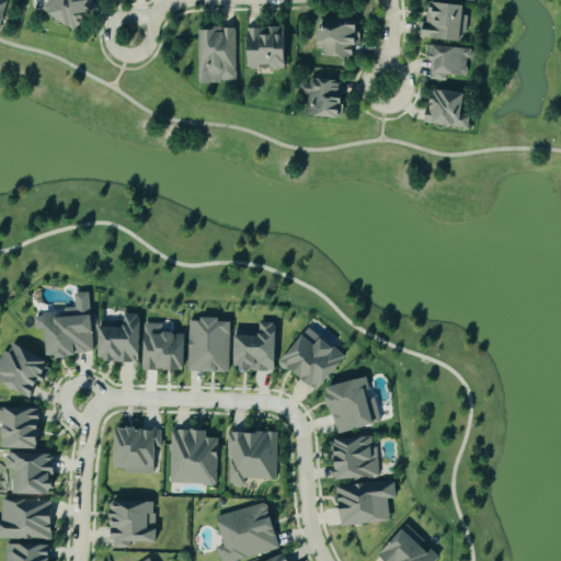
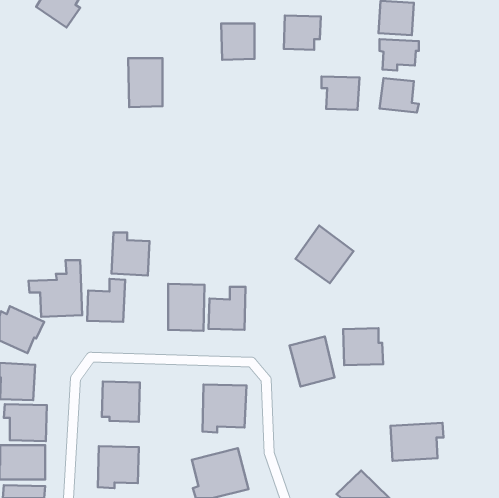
building: [196,26,234,81] -> [128,58,162,107]
building: [299,79,342,116] -> [321,77,360,110]
building: [142,322,185,370] -> [112,232,150,275]
building: [279,325,344,390] -> [296,226,353,283]
building: [169,428,217,483] -> none
building: [333,436,378,478] -> [343,328,383,365]
building: [336,481,396,524] -> [391,423,443,461]

